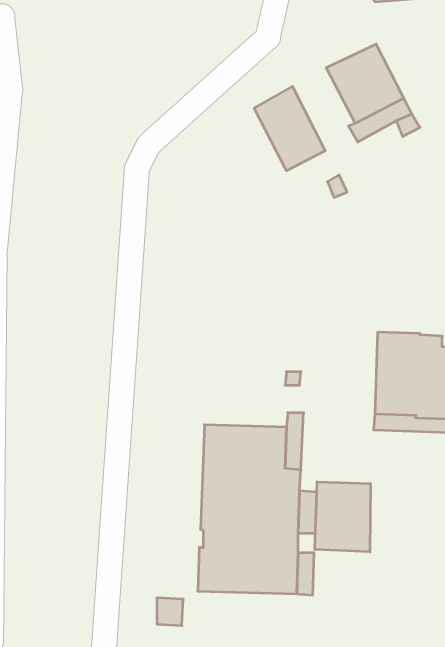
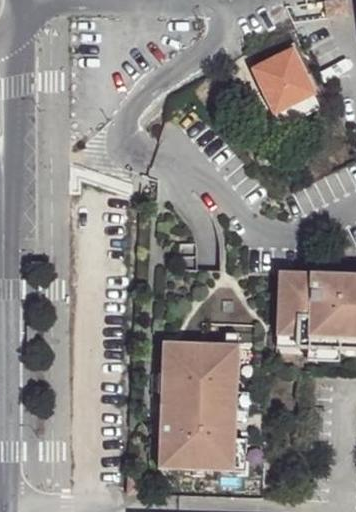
building: [254,86,325,171] -> none
building: [315,482,370,552] -> none

